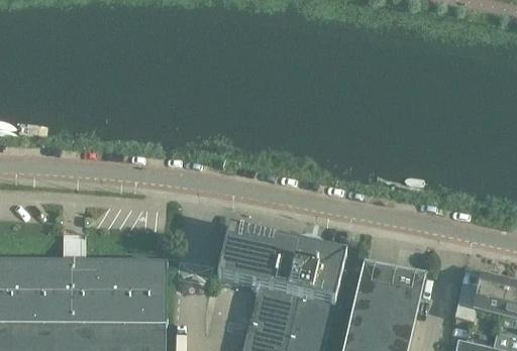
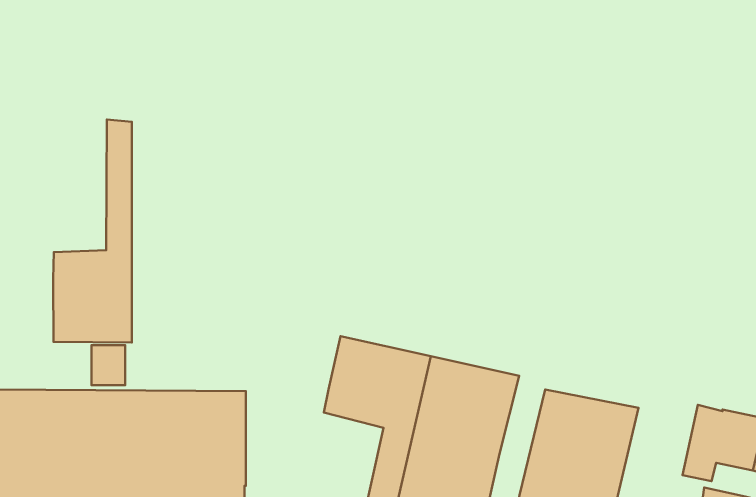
building: none -> [53,119,132,342]

